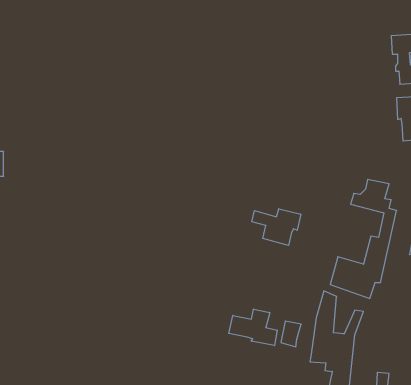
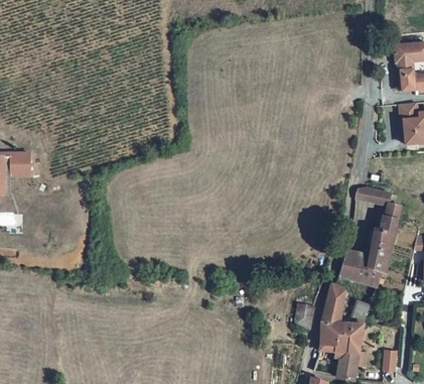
building: [252,209,301,245] -> none
building: [229,309,277,346] -> none

